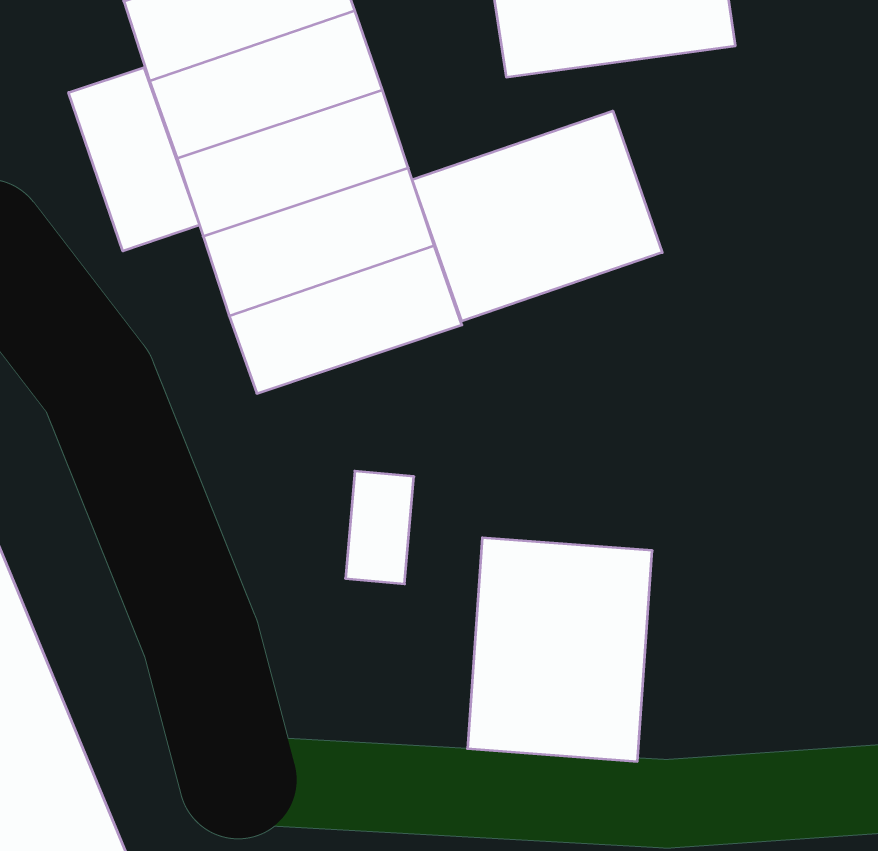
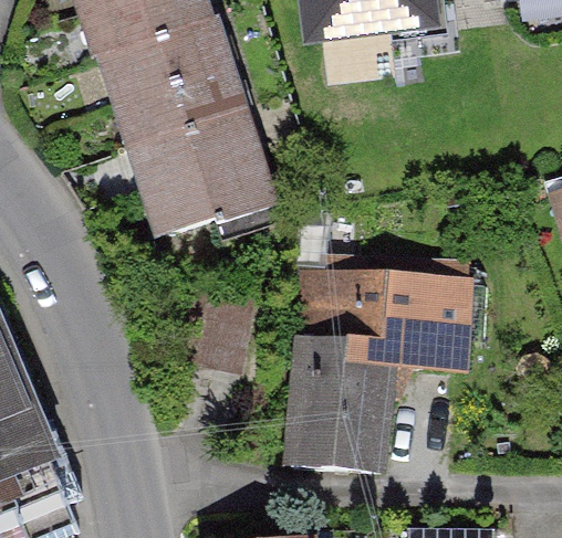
building: [69,68,200,251] -> none
building: [412,111,662,321] -> none
building: none -> [295,259,469,347]

